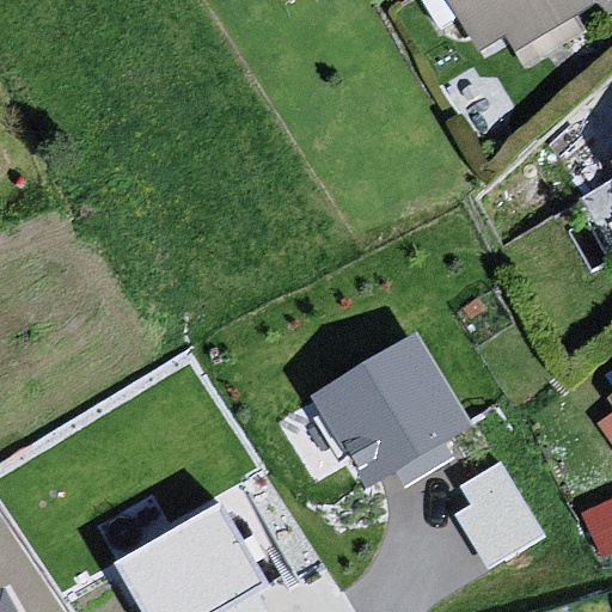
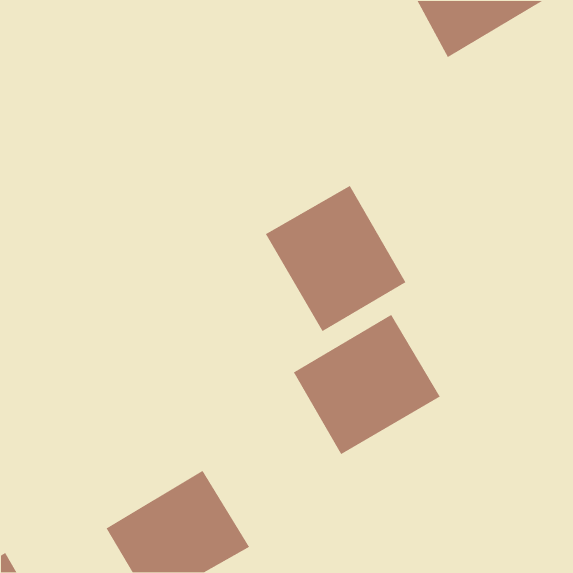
building: none -> [265,185,407,332]
building: [452,452,546,557] -> none

